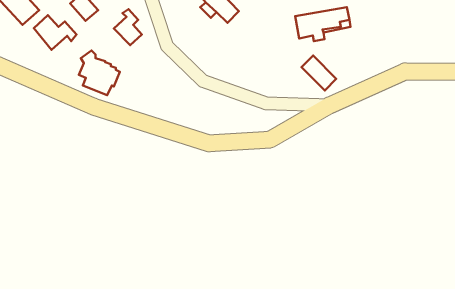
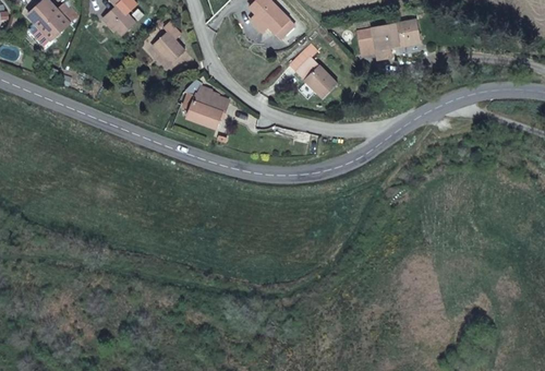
building: [34,15,77,50] -> none
building: [79,51,120,95] -> [183,79,229,129]
building: [301,55,336,90] -> [298,59,337,98]

